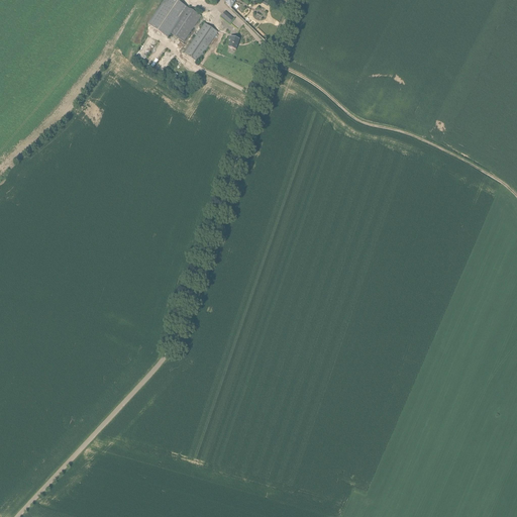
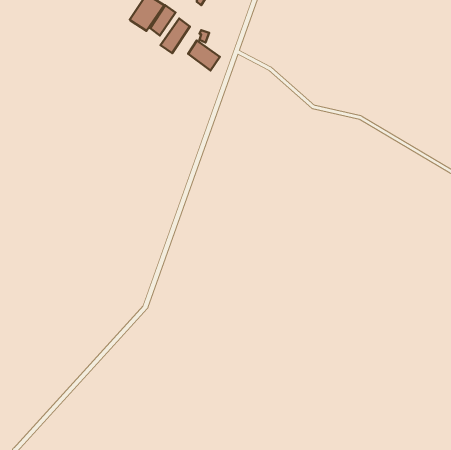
building: none -> [188,41,220,70]

